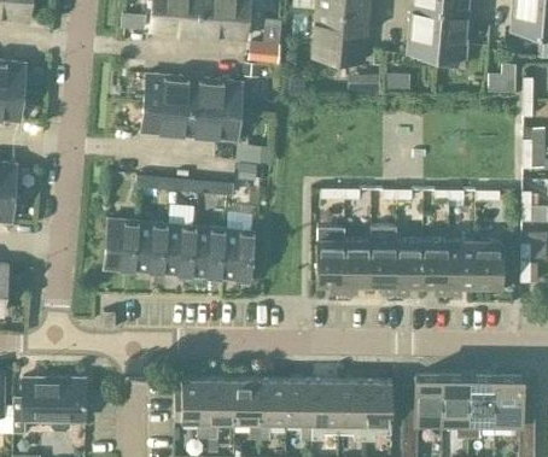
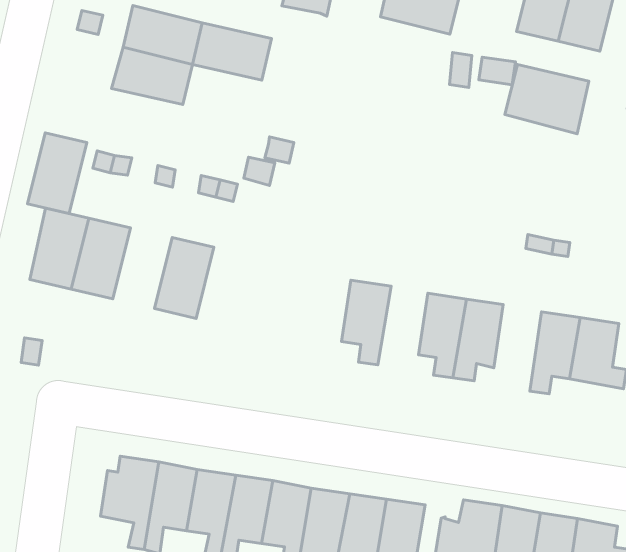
building: none -> [505,65,589,134]
building: [190,109,240,141] -> none
building: [162,224,196,276] -> [28,133,87,214]
building: [220,229,255,281] -> none
building: [346,238,373,293] -> none
building: [425,239,451,294] -> none

